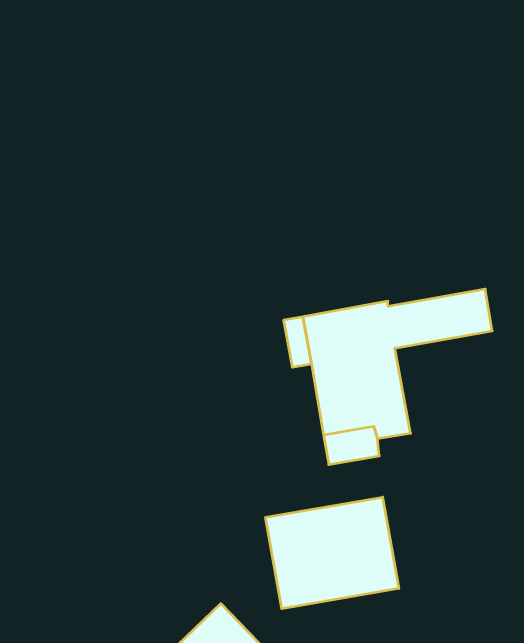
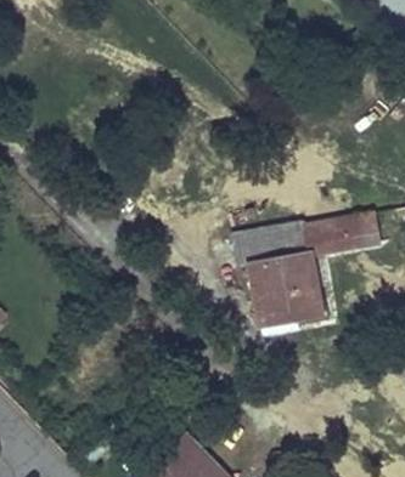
building: [266,497,399,609] -> none

